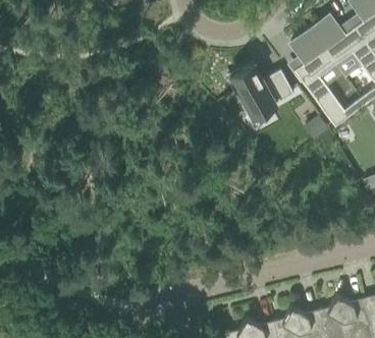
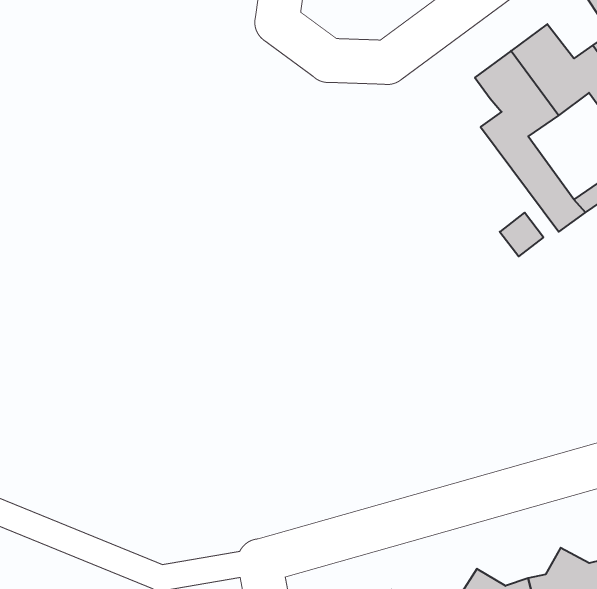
building: [227,63,293,116] -> none

